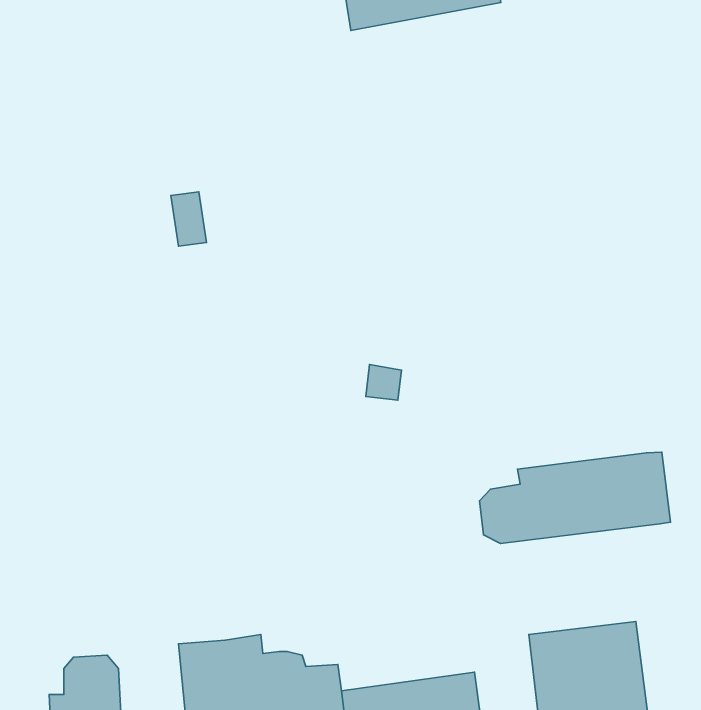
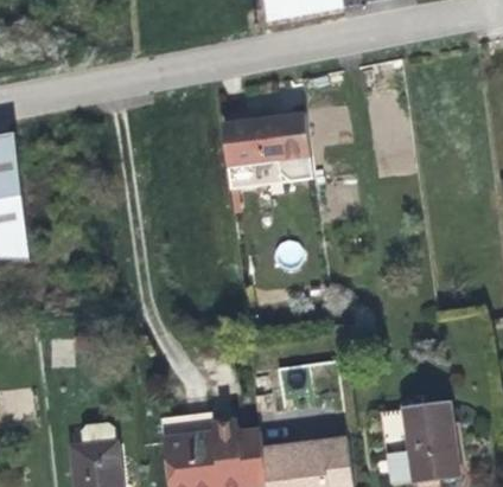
building: none -> [222,111,313,188]
building: [479,452,671,543] -> none

